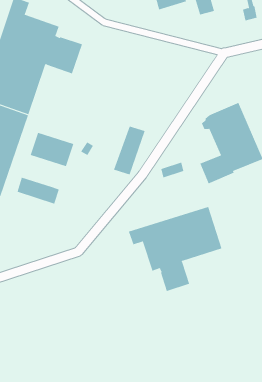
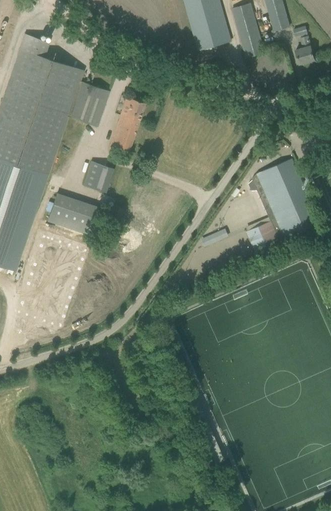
building: none -> [83,160,112,191]
building: [113,126,146,175] -> [107,96,145,154]
building: [17,177,59,204] -> none
building: [128,206,222,292] -> none

